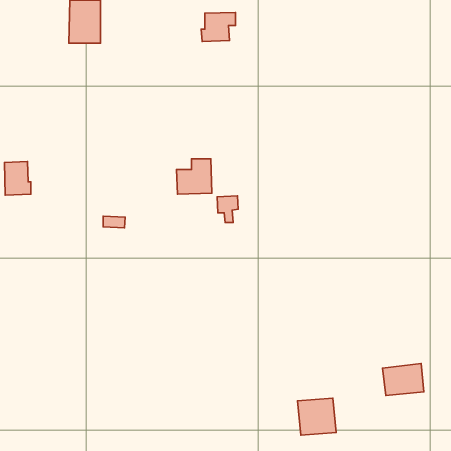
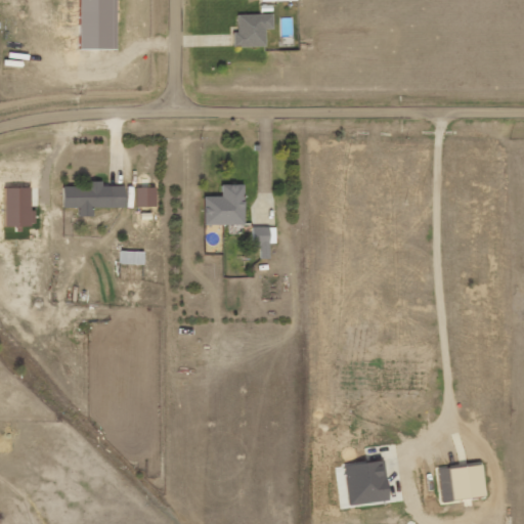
building: none -> [63,183,126,217]
building: none -> [135,187,157,207]
building: [382,364,424,395] -> [438,465,486,501]

